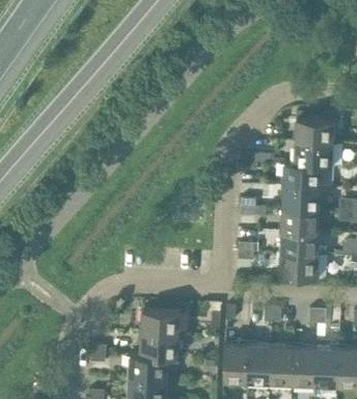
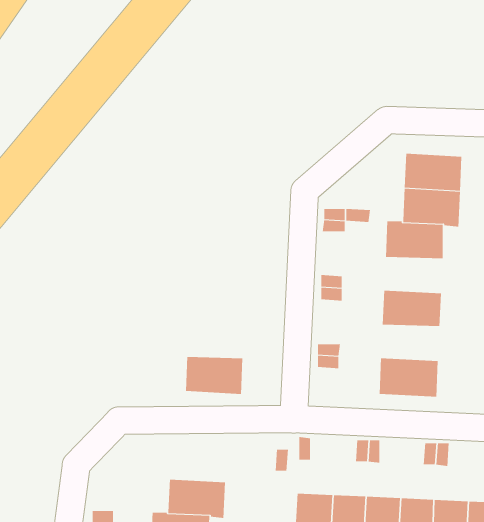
building: [282,188,322,212] -> none
building: [280,233,320,257] -> none
building: [141,312,180,337] -> [185,357,243,394]

